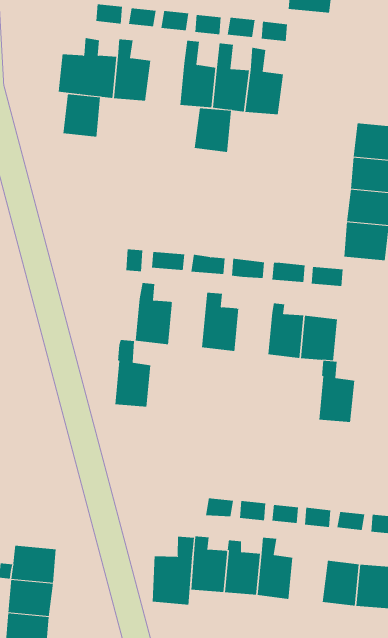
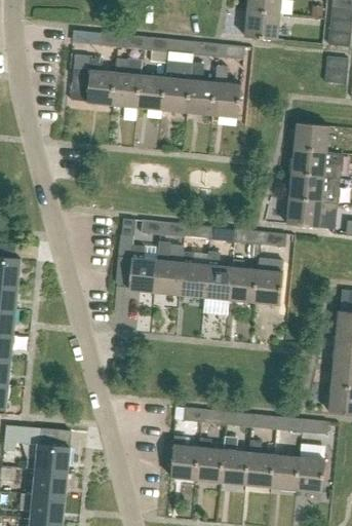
building: [63,94,100,138] -> none
building: [194,108,232,152] -> [136,75,165,109]
building: [115,339,151,407] -> [154,241,182,293]
building: [319,360,355,422] -> [204,251,232,298]
building: [152,536,194,606] -> none
building: none -> [245,440,274,486]

